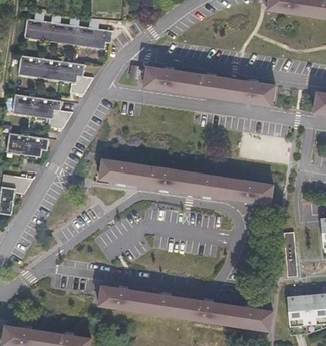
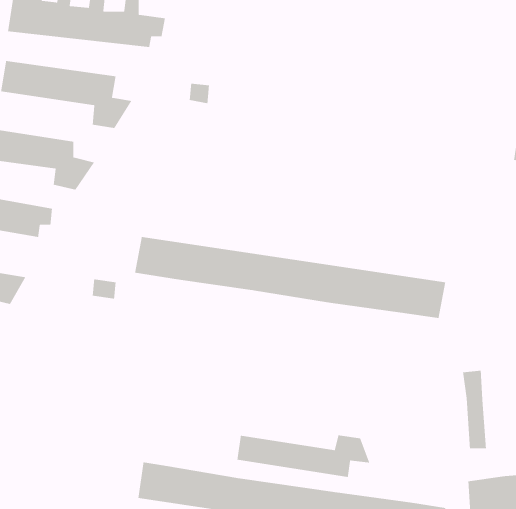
building: [140,67,273,106] -> none
building: none -> [237,434,370,478]

